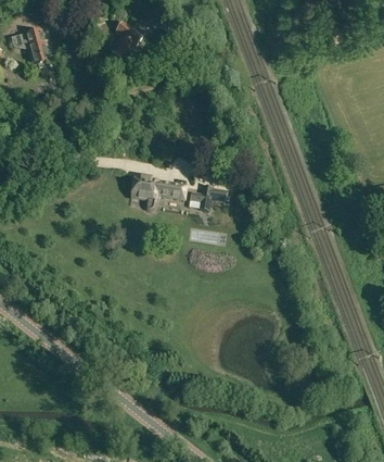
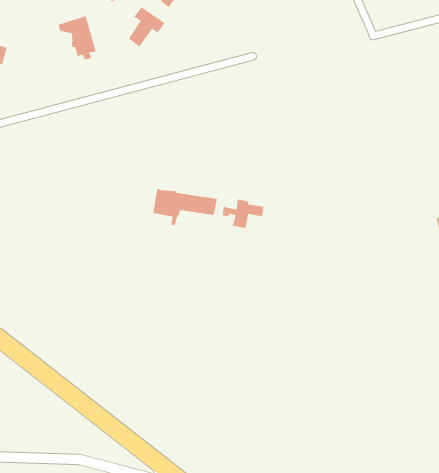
building: [16,30,49,68] -> [58,15,96,60]

